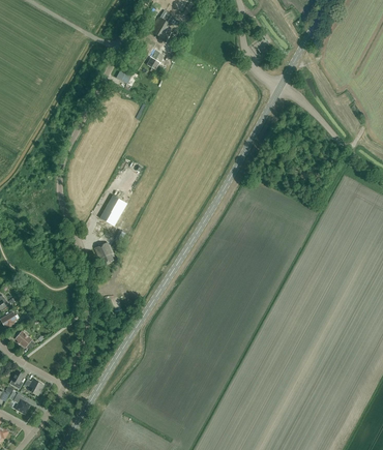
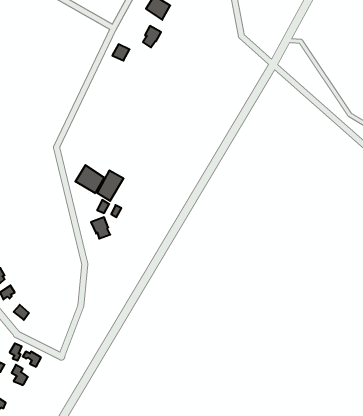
building: none -> [75,165,104,193]

